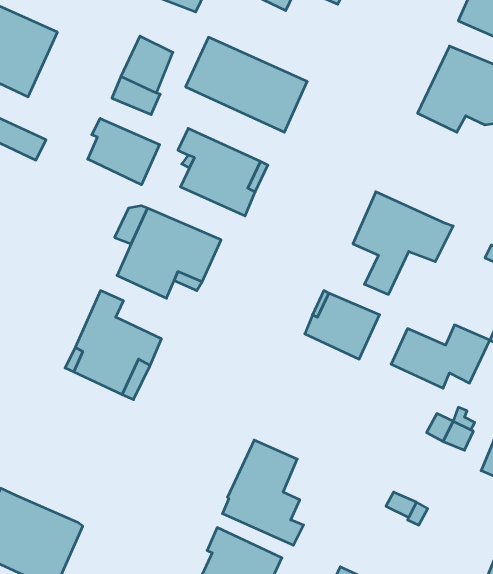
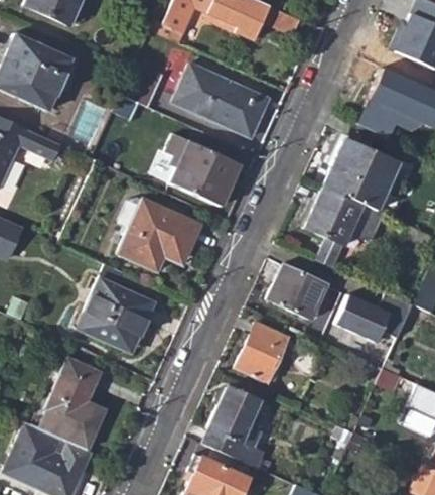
building: [88,118,160,185] -> none
building: none -> [324,138,401,212]
building: none -> [236,322,290,382]
building: none -> [39,359,106,450]

